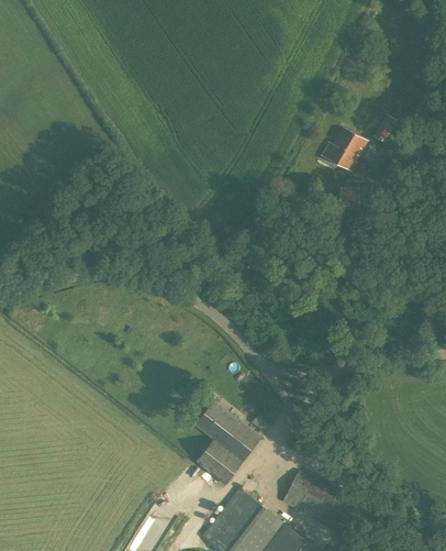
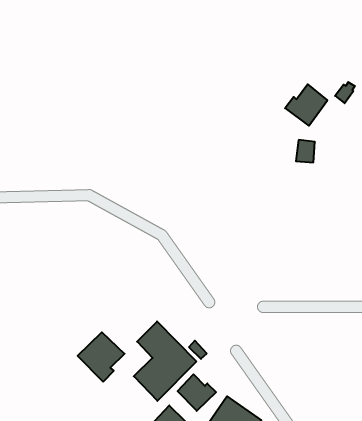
building: none -> [78,332,125,382]
building: none -> [178,374,216,411]

